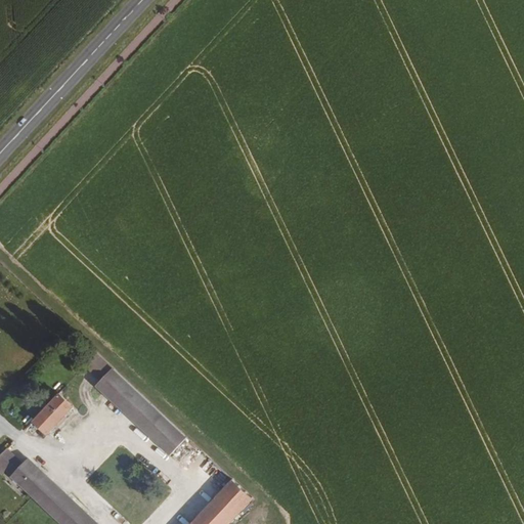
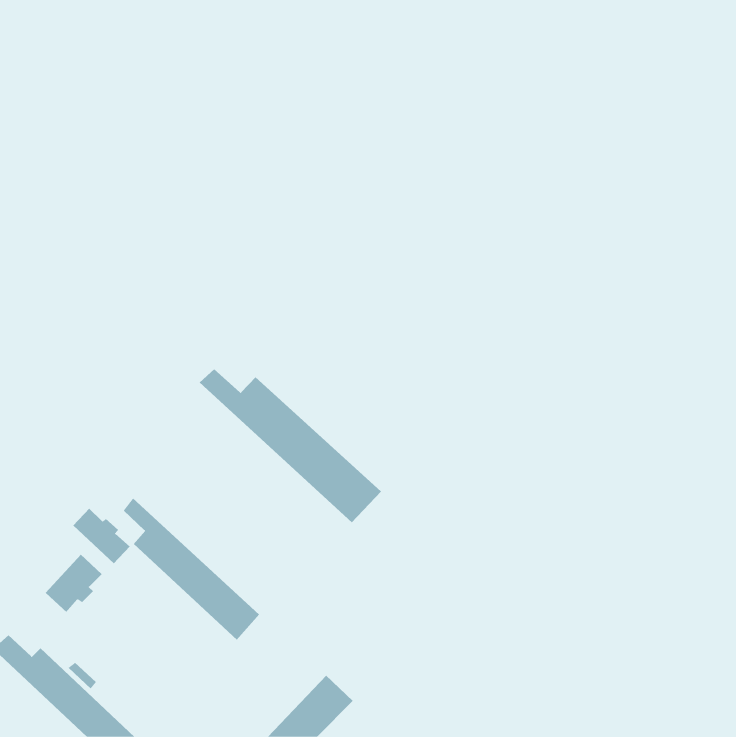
building: none -> [199,368,382,523]
building: none -> [73,508,130,564]

